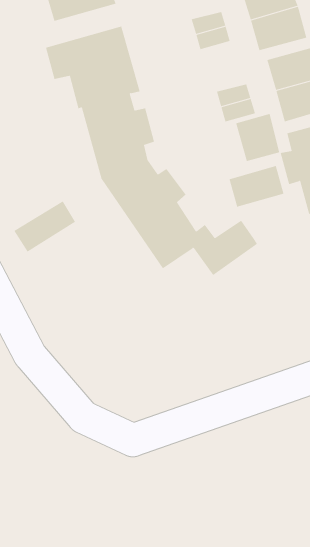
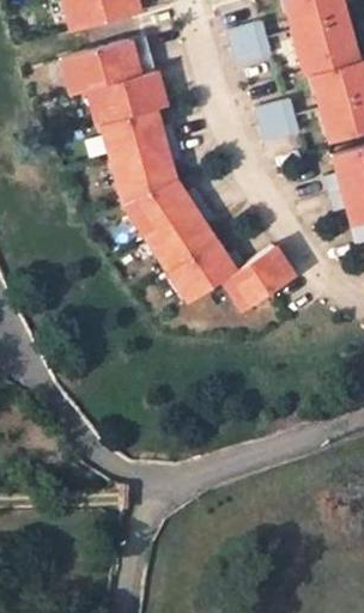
building: [236,113,280,162] -> none
building: [229,165,284,208] -> none
building: [14,201,76,253] -> none

